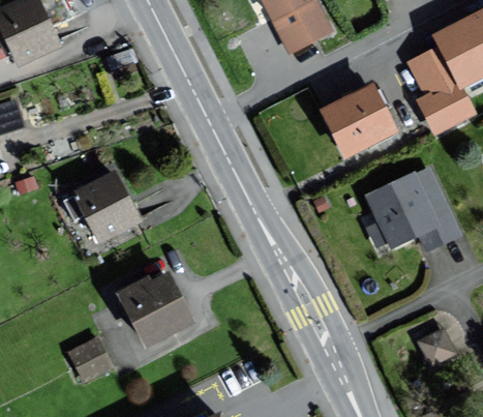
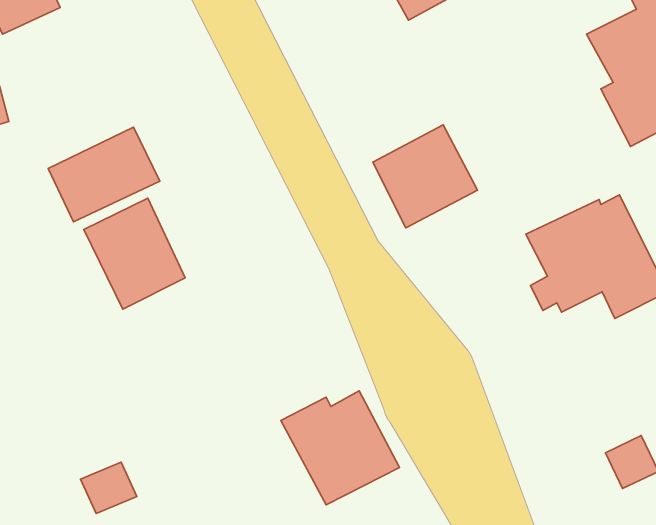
building: [324,85,393,153] -> [373,125,478,228]
building: none -> [48,127,160,222]
building: [116,273,194,349] -> [281,391,400,505]

